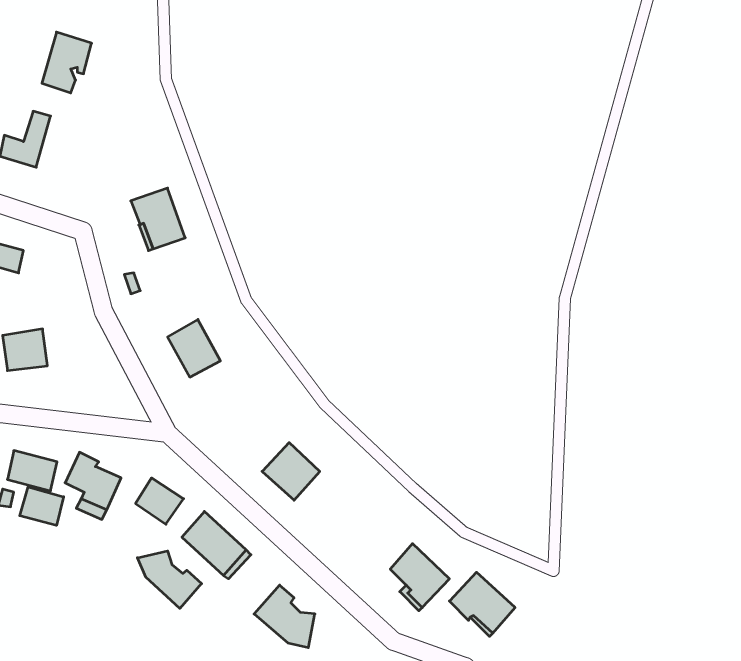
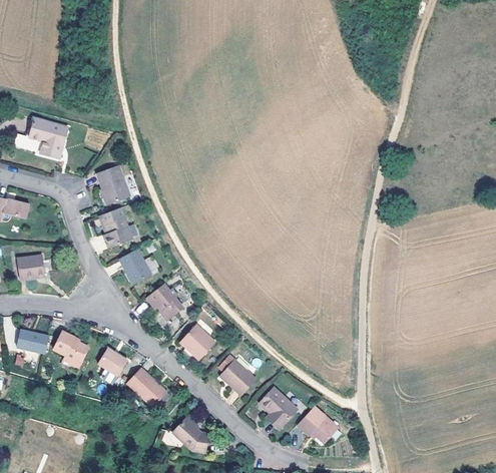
building: [42,32,92,93] -> [37,120,68,158]
building: none -> [100,206,133,247]
building: none -> [145,283,183,321]
building: [20,487,64,525] -> none
building: none -> [218,360,256,395]
building: [137,551,202,608] -> none

